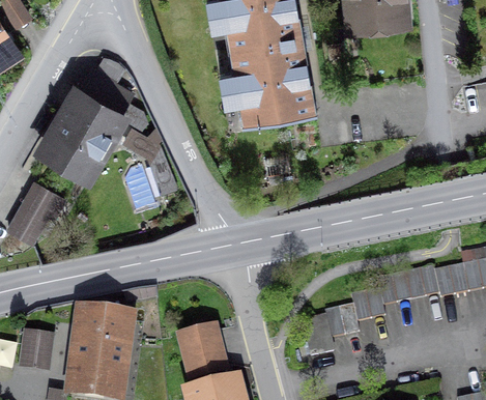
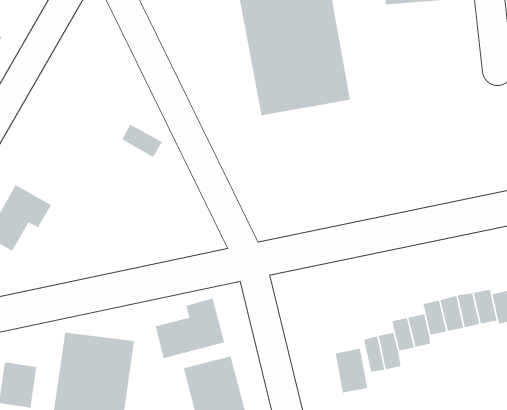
building: [33,80,130,181] -> none
building: none -> [155,297,225,359]

